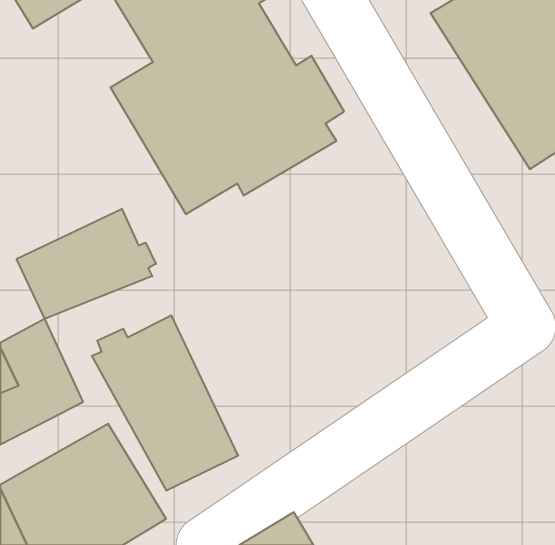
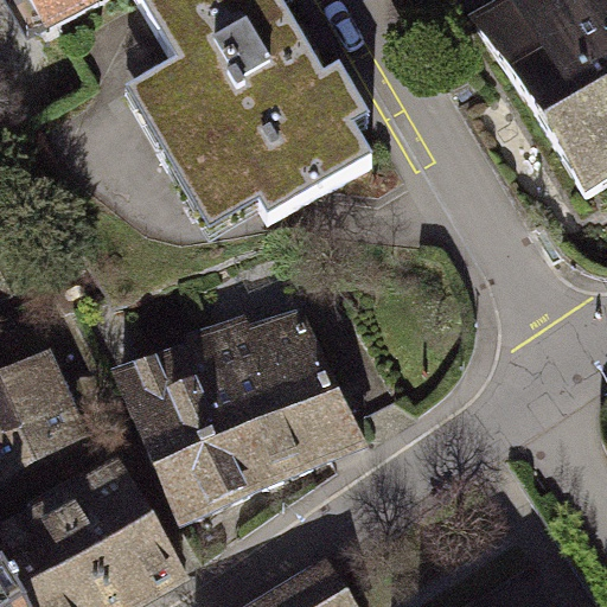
building: [17,209,156,319] -> none
building: none -> [186,311,360,494]

